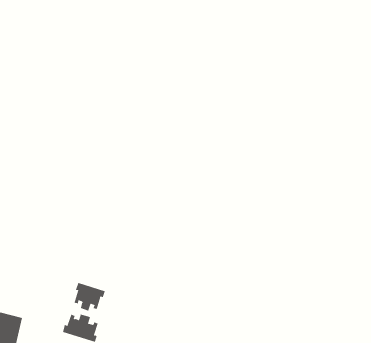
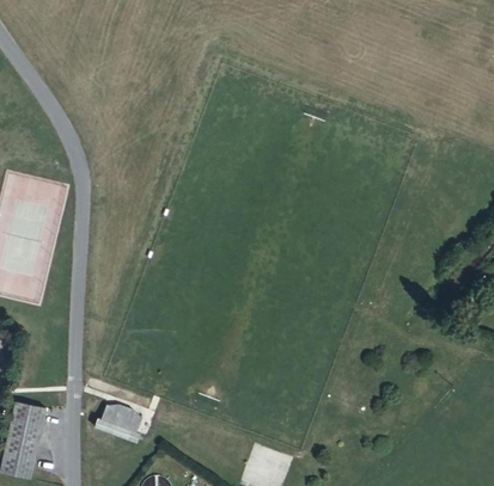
building: [74,282,106,311] -> none

